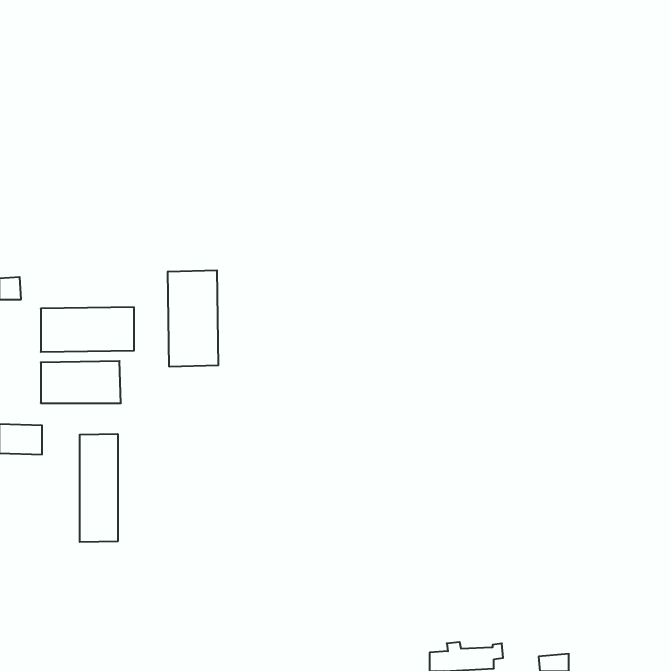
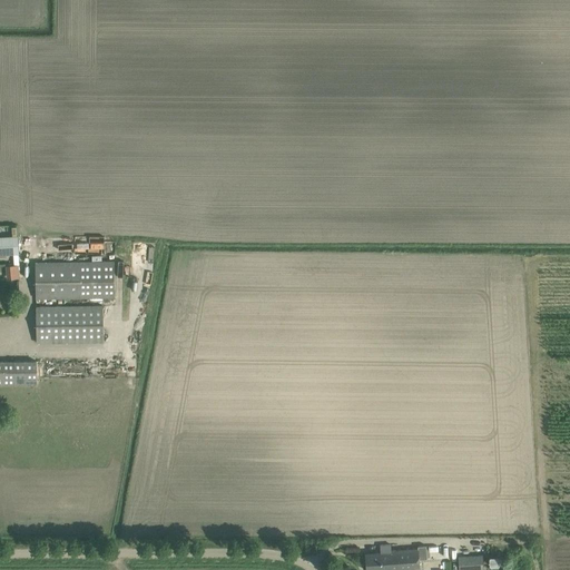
building: [168,270,218,367] -> none
building: [80,434,118,542] -> none

